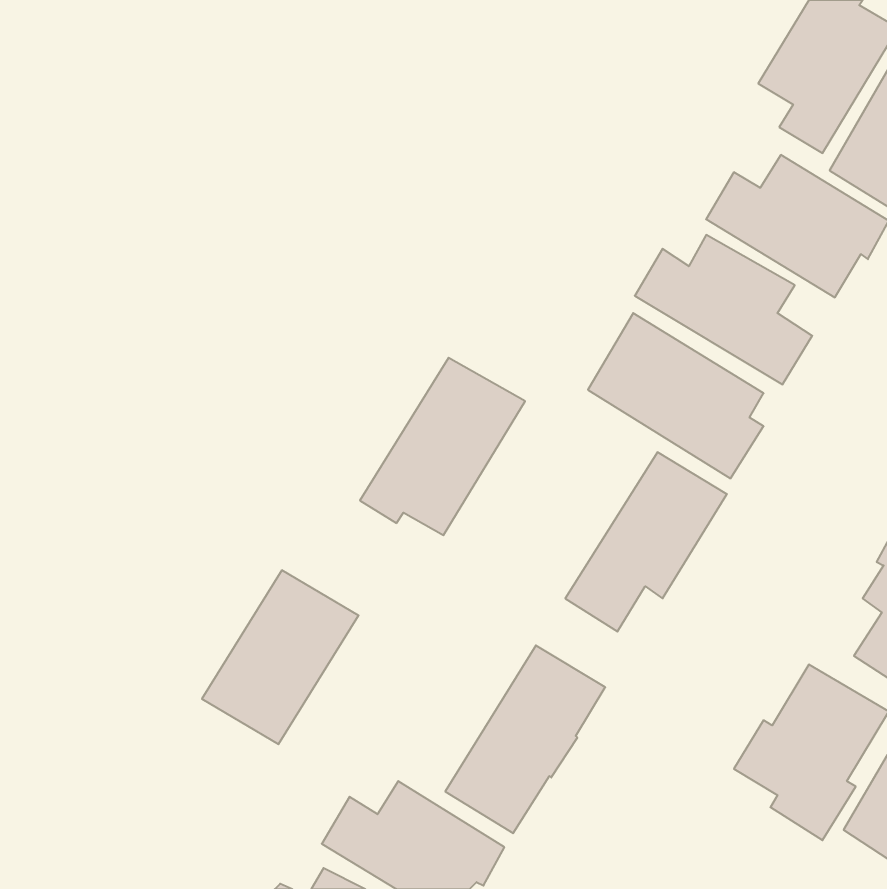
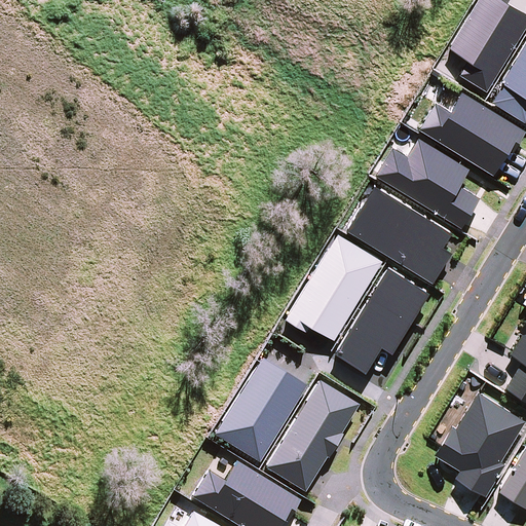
building: [360,358,525,535] -> [286,234,383,339]
building: [202,570,359,744] -> [214,360,306,462]

